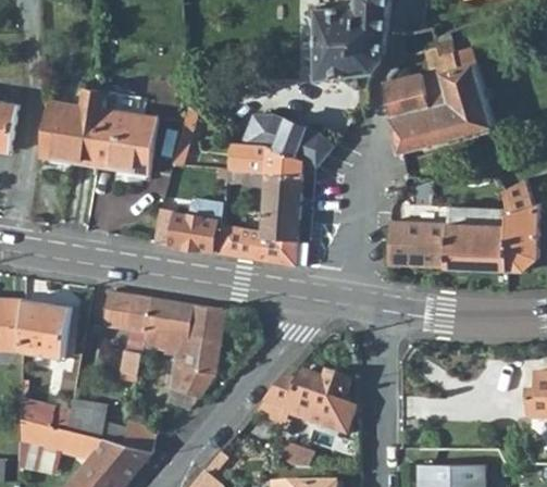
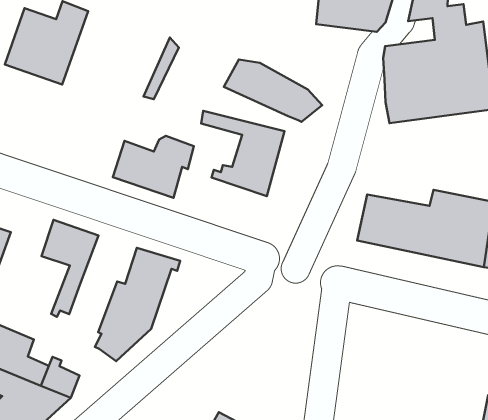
building: [95,95,158,174] -> none
building: [227,140,306,175] -> none
building: [213,223,298,264] -> none
building: [140,298,187,349] -> none
building: [251,372,352,434] -> none

